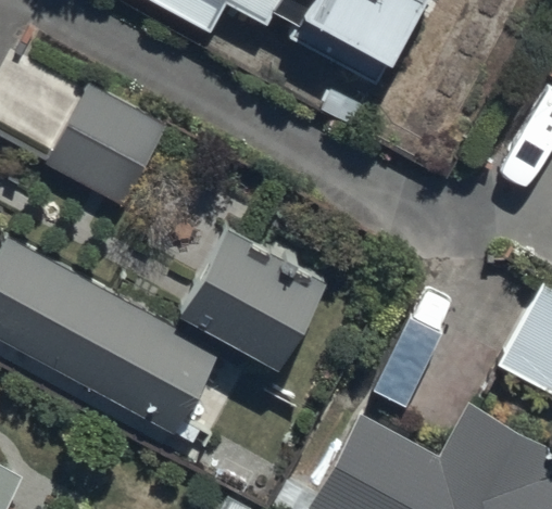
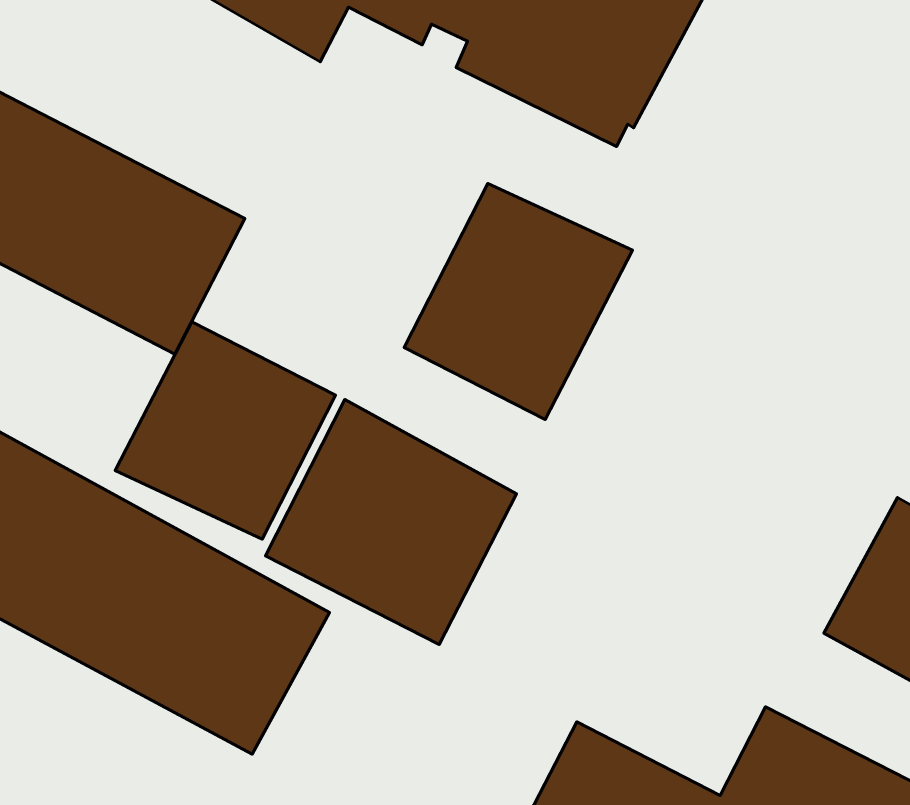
building: none -> [404,183,633,420]
building: none -> [115,322,335,539]

